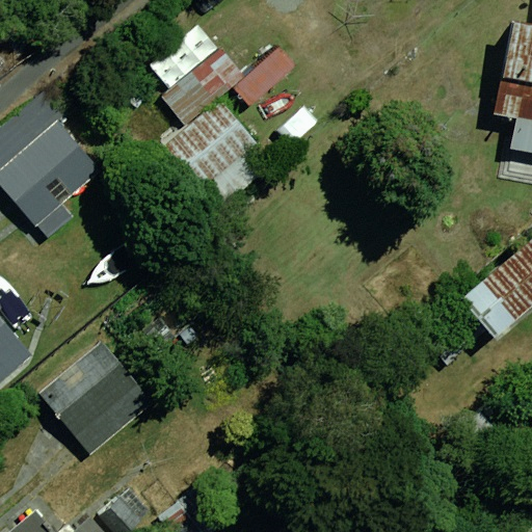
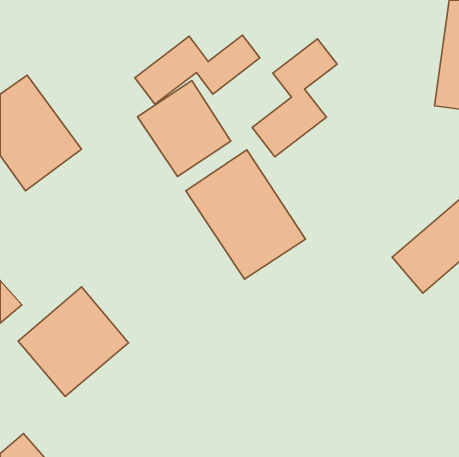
building: none -> [252,39,337,157]
building: none -> [186,150,306,279]

